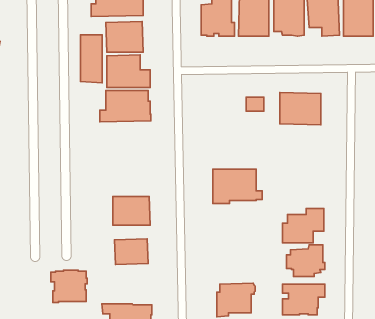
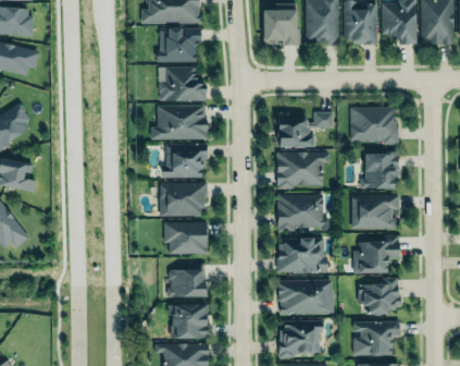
building: [81,35,102,83] -> none
building: none -> [277,120,314,148]
building: none -> [162,145,207,179]
building: none -> [277,152,330,190]
building: none -> [360,152,399,190]
building: none -> [159,183,208,217]
building: none -> [350,196,399,230]
building: none -> [275,235,327,272]
building: none -> [278,279,333,313]
building: [51,270,87,303] -> [167,302,208,338]

